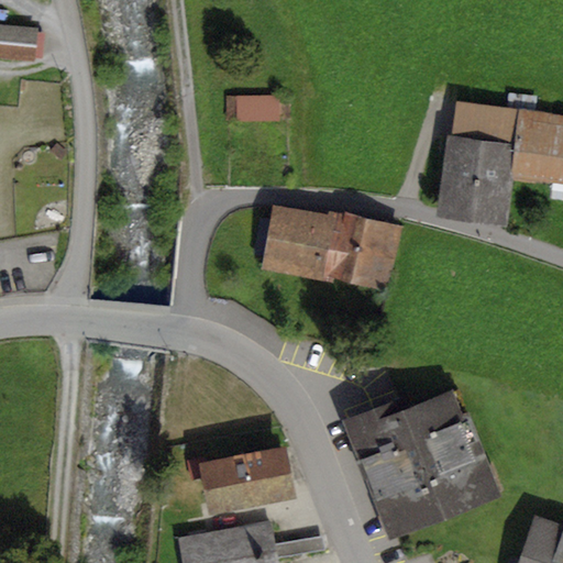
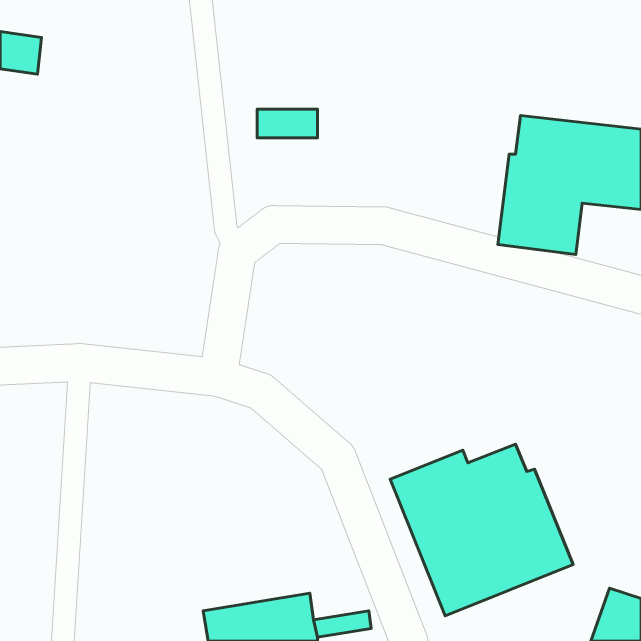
building: [261,206,400,290] -> none
building: [187,446,296,516] -> none

